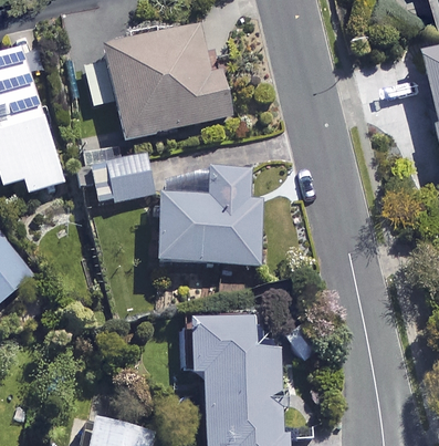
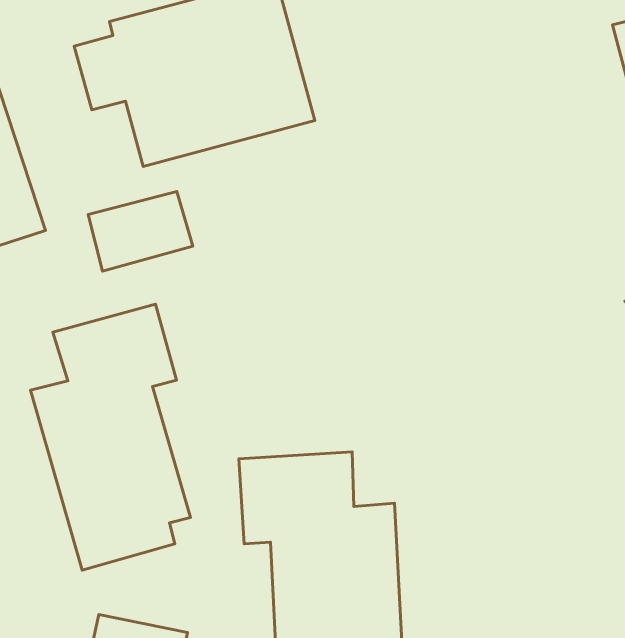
building: [161,167,259,263] -> none
building: none -> [31,304,190,570]

